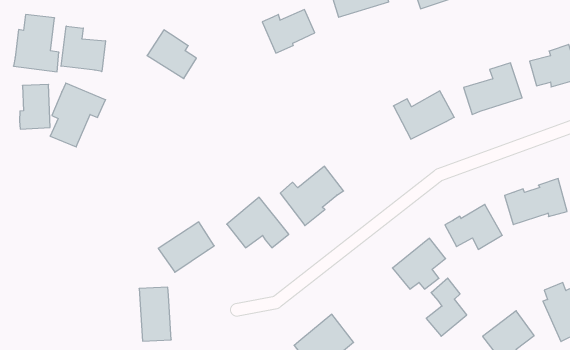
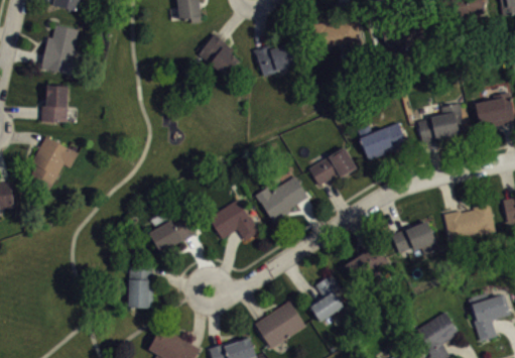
building: [61,26,105,72] -> none
building: [147,30,196,79] -> [198,35,239,78]
building: [50,83,106,147] -> [28,137,78,192]
building: none -> [308,148,357,187]
building: [426,278,467,336] -> [309,275,344,324]

